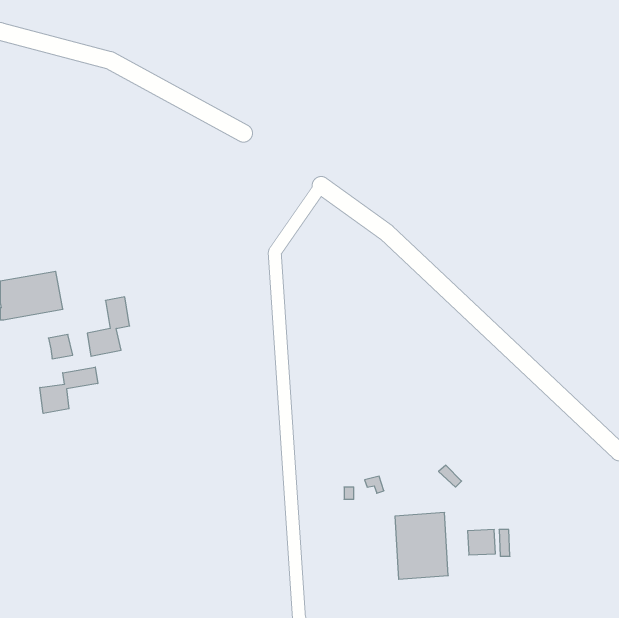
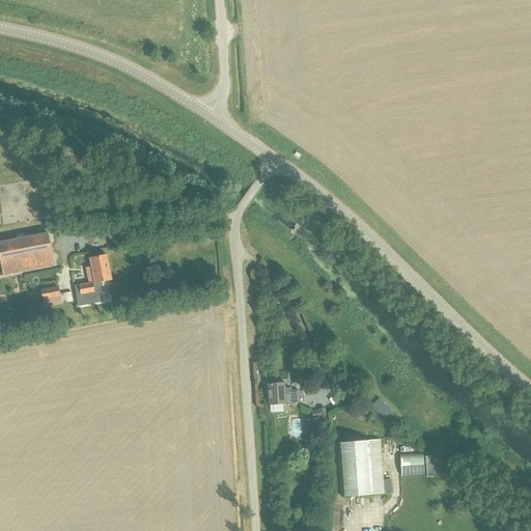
building: [40,367,98,413] -> none
building: none -> [268,382,300,412]

